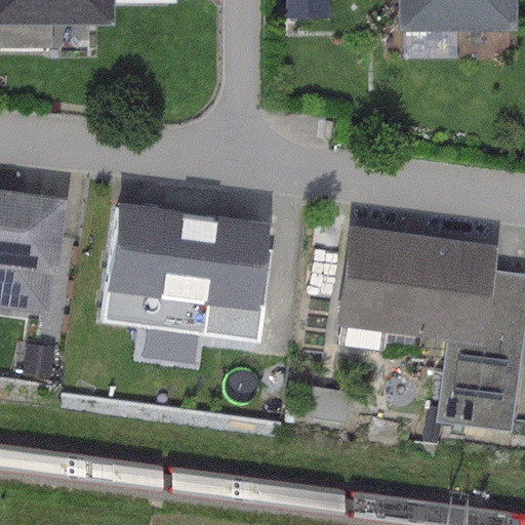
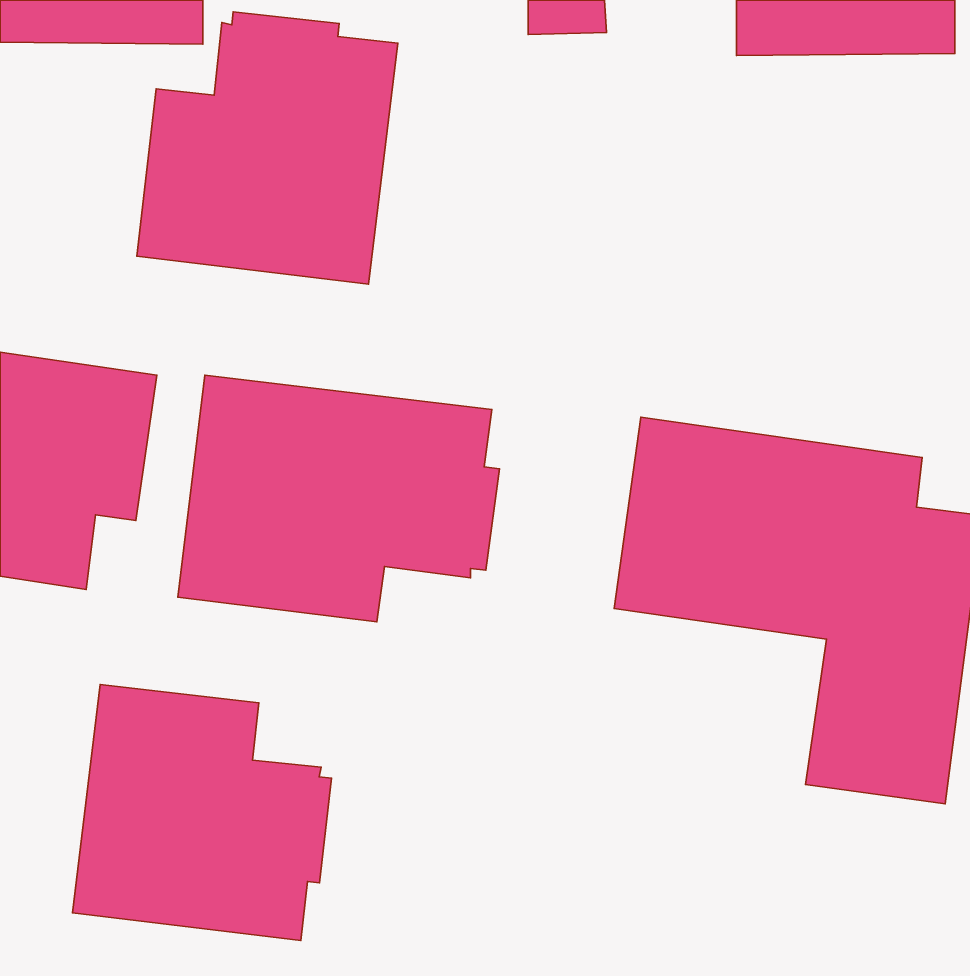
building: none -> [137,12,398,284]
building: none -> [73,684,331,941]

